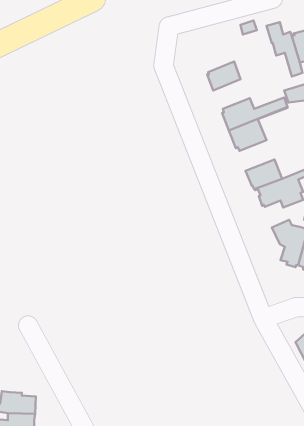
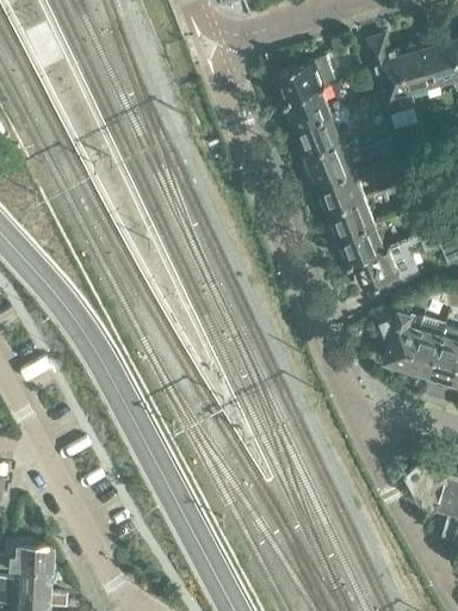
building: none -> [278,61,326,105]
building: none -> [293,115,344,155]
building: none -> [328,198,377,240]

